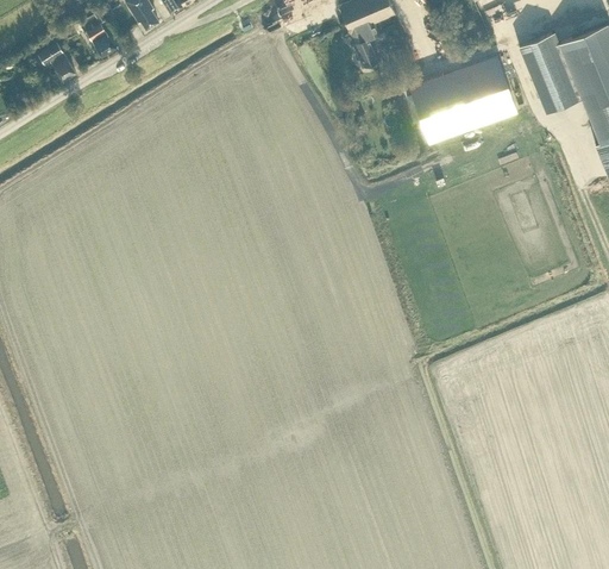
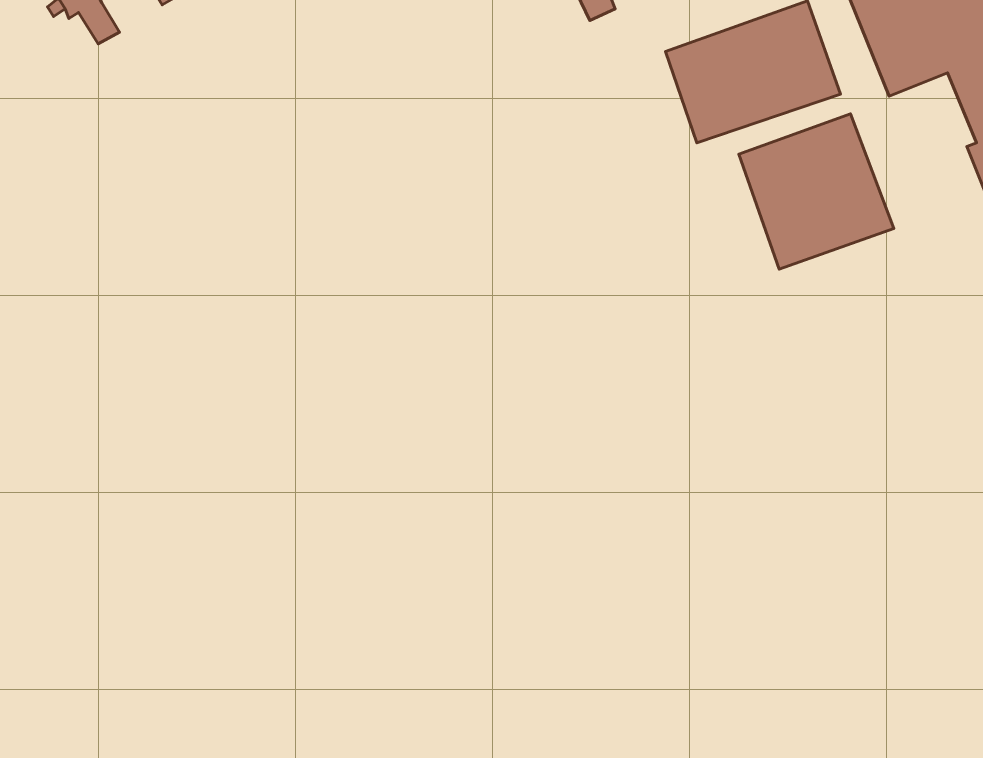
building: none -> [739,114,894,269]

